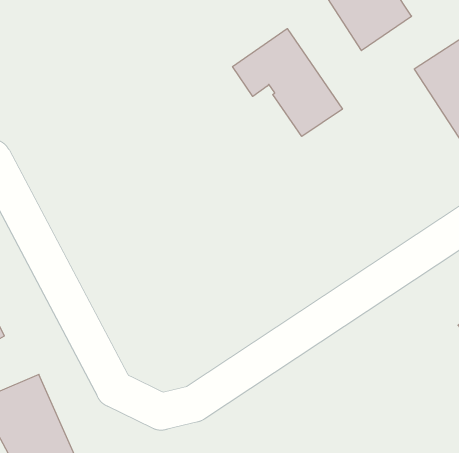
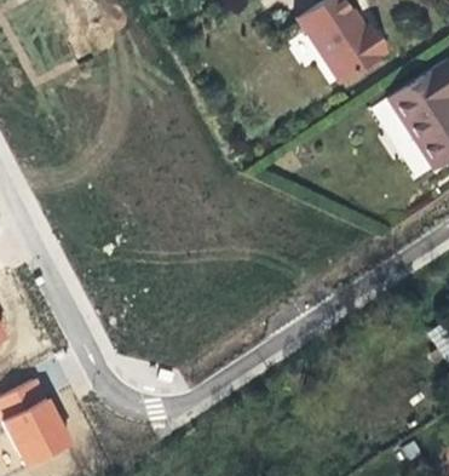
building: [233,29,342,136] -> none

